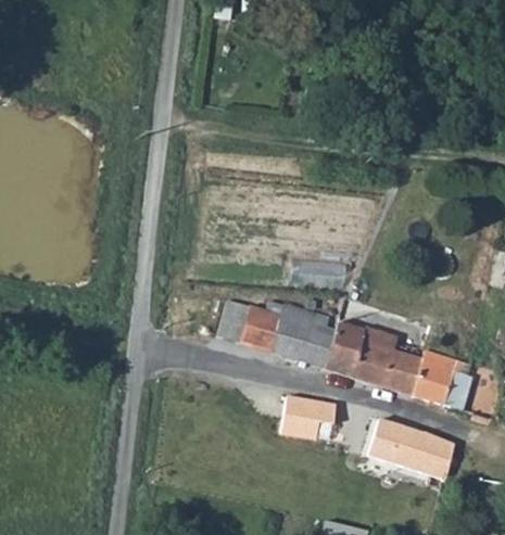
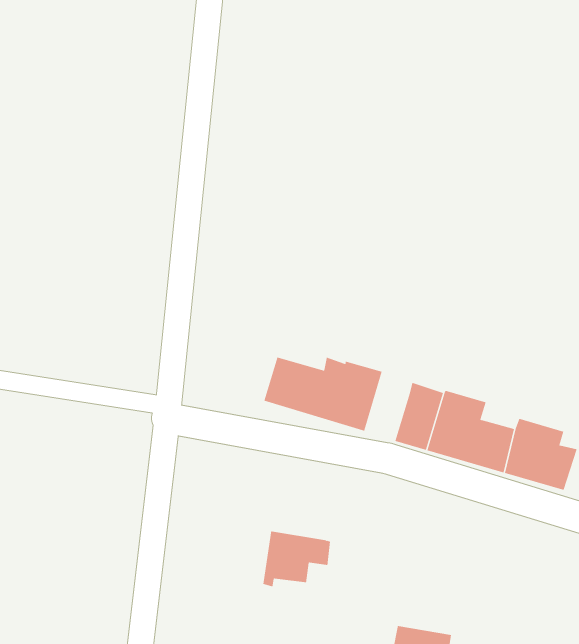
building: [302,313,338,369] -> none
building: [281,396,337,442] -> [263,531,331,587]
building: [368,420,456,491] -> none

